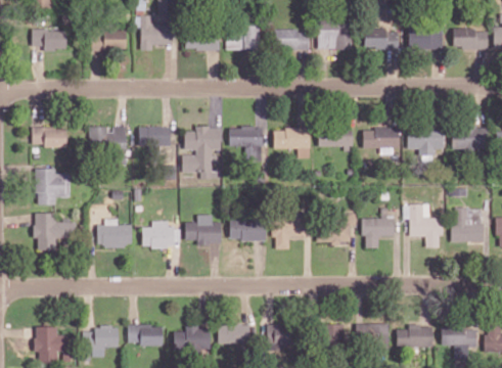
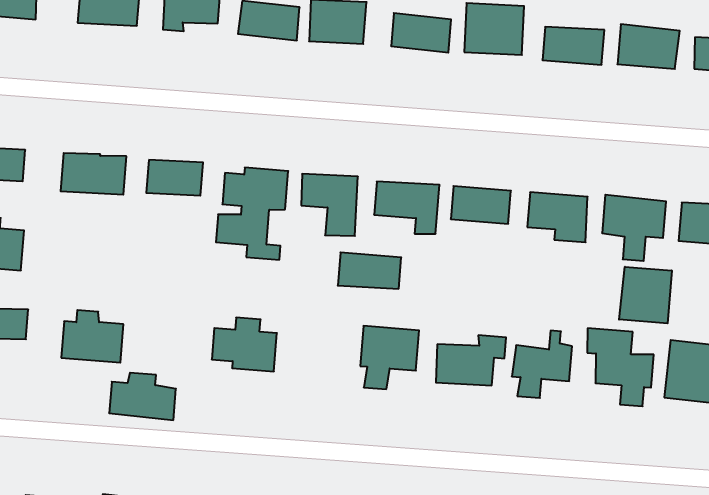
building: none -> [619,267,672,323]
building: [142,221,180,246] -> [109,373,176,420]
building: [230,221,266,240] -> [338,252,401,289]

